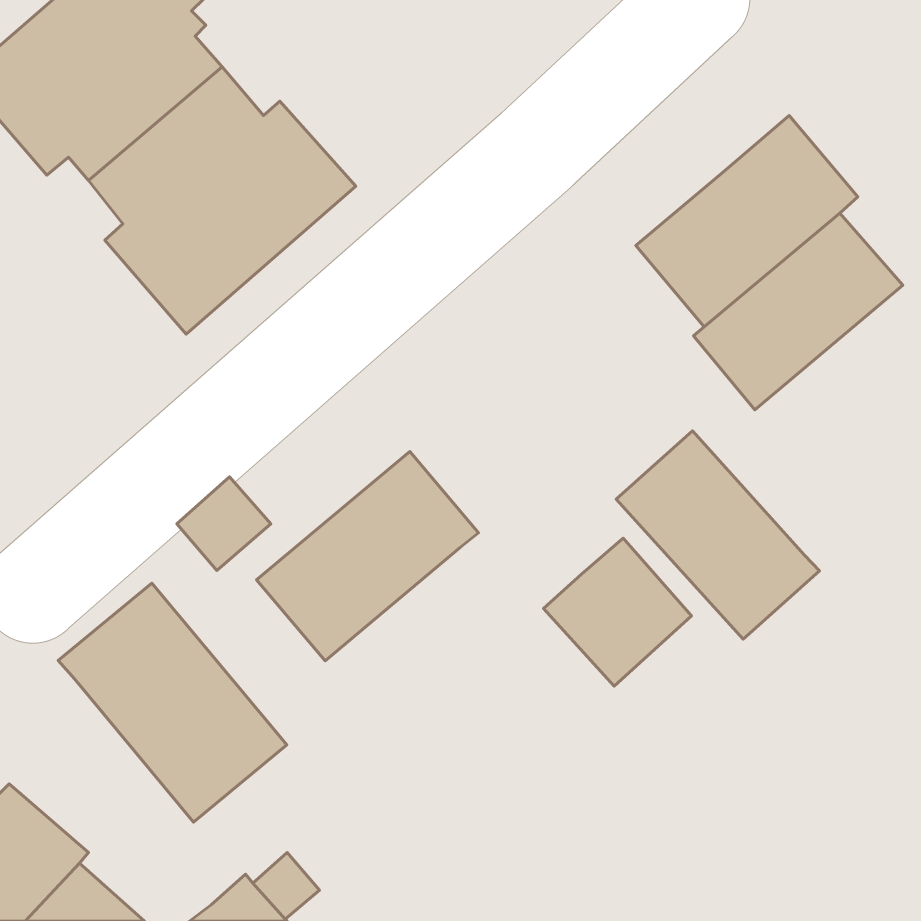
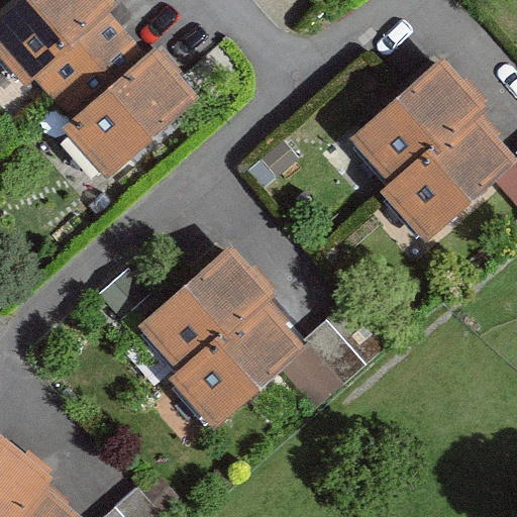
building: [616,431,819,639] -> none
building: none -> [176,306,293,416]
building: [58,583,287,822] -> none

